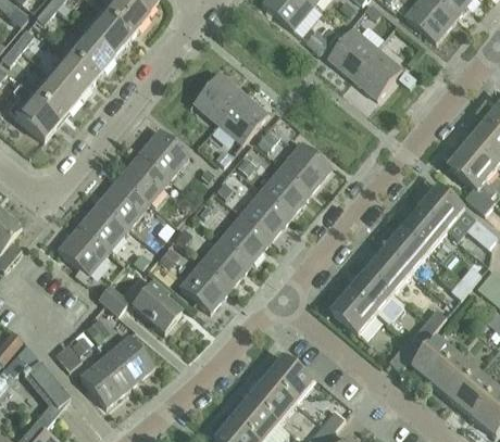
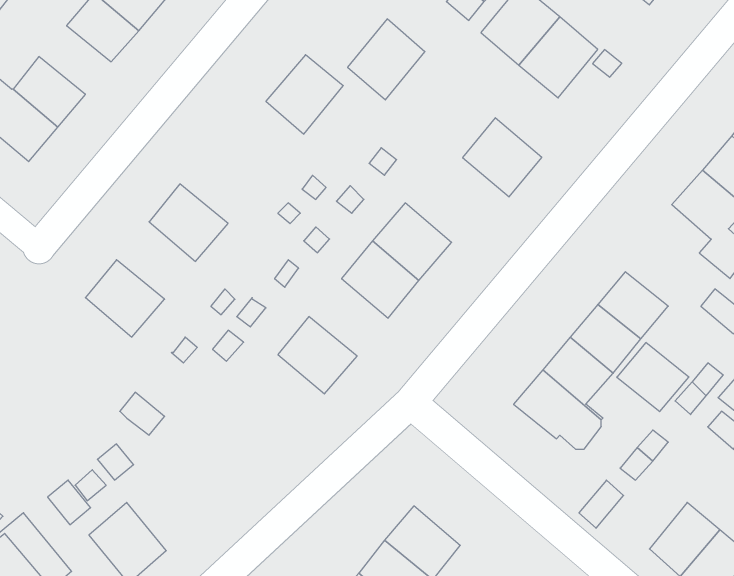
building: [49,54,95,98] -> none
building: [216,92,265,143] -> [348,19,425,100]
building: [138,129,188,179] -> none
building: [280,141,330,191] -> [463,118,542,197]
building: [98,178,148,227] -> none
building: [420,188,465,231] -> [617,343,689,412]
building: [220,214,270,263] -> none
building: [58,226,108,275] -> none
building: [179,262,229,312] -> none
building: [132,280,180,331] -> none
building: [333,293,376,336] -> none
building: [104,336,153,386] -> none
building: [413,338,459,384] -> none

